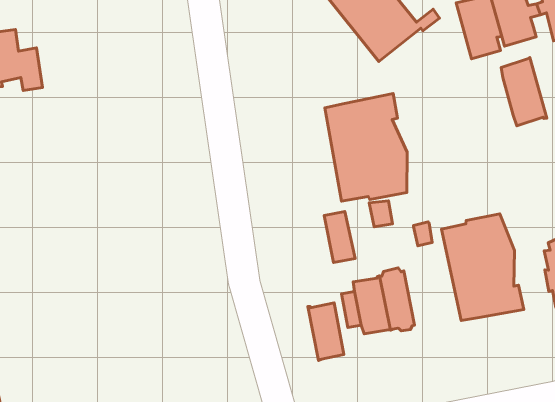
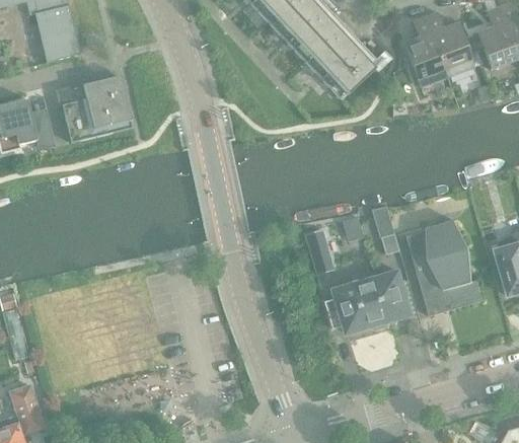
building: none -> [60,75,132,141]
building: [501,58,547,126] -> none
building: [325,94,407,201] -> none
building: [308,303,344,361] -> [376,271,411,321]

